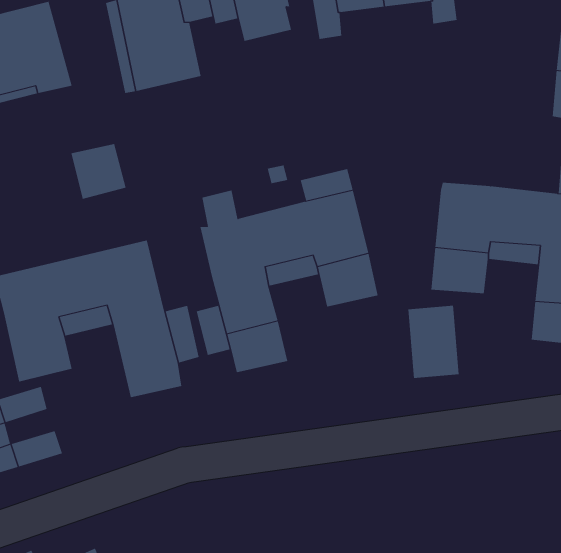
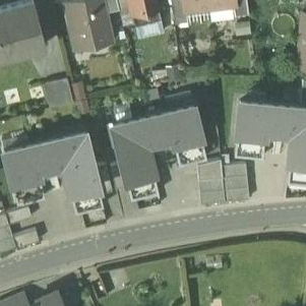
building: none -> [197,161,225,205]

